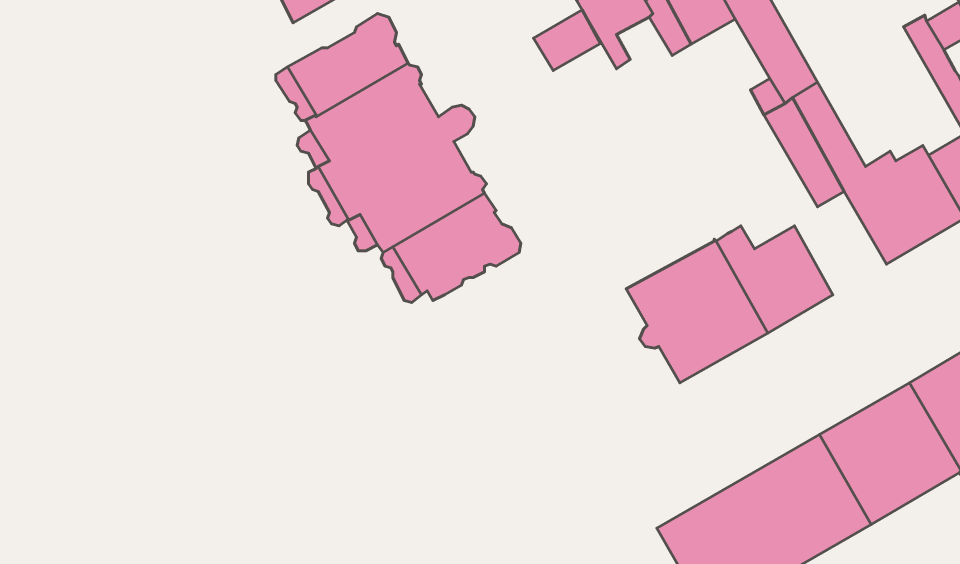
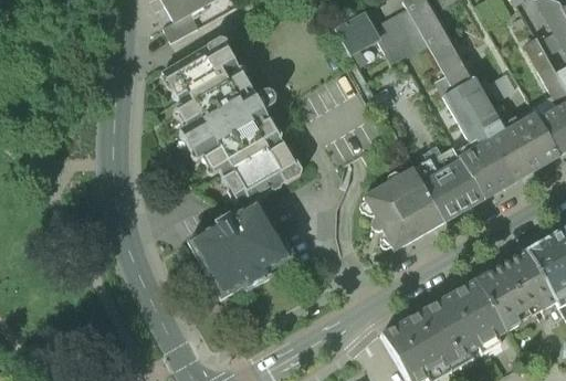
building: [533,10,601,71] -> none
building: none -> [459,139,513,199]
building: none -> [187,199,292,298]

